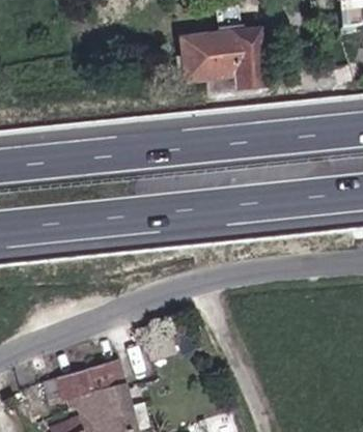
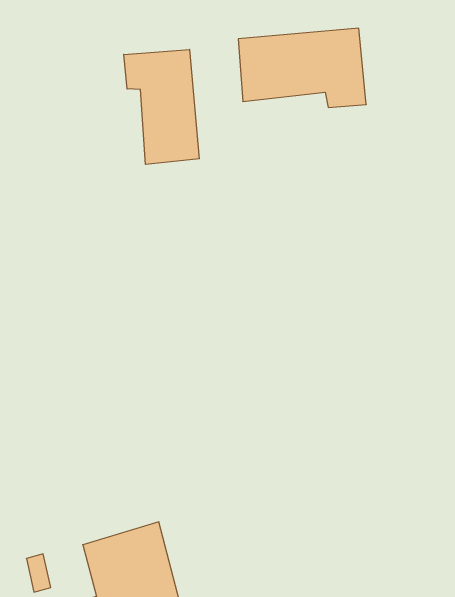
building: none -> [124,49,199,164]

